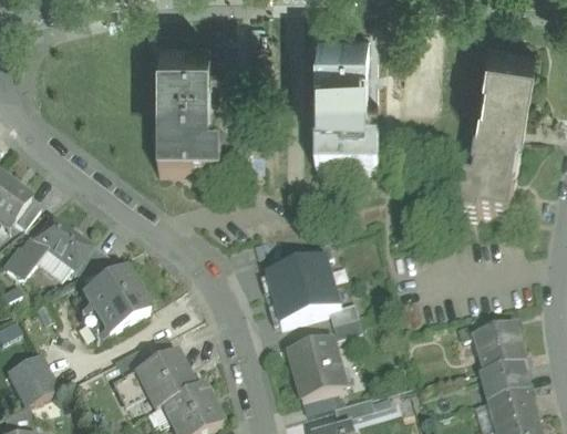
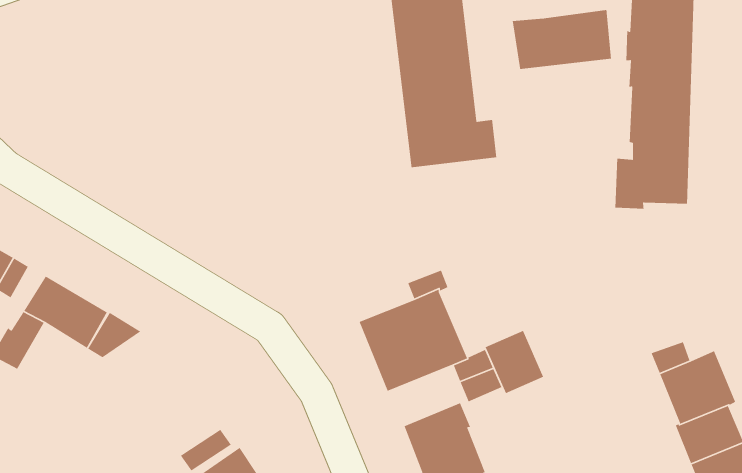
building: [158,41,220,176] -> none
building: none -> [512,9,612,70]
building: [87,269,146,331] -> none
building: none -> [485,330,544,394]

